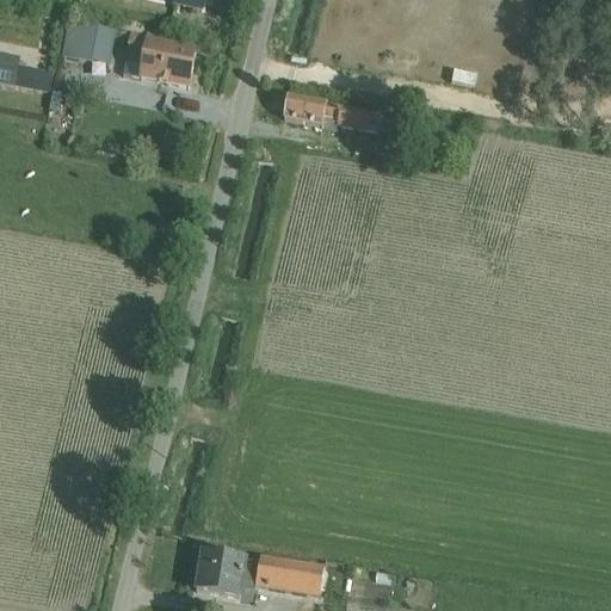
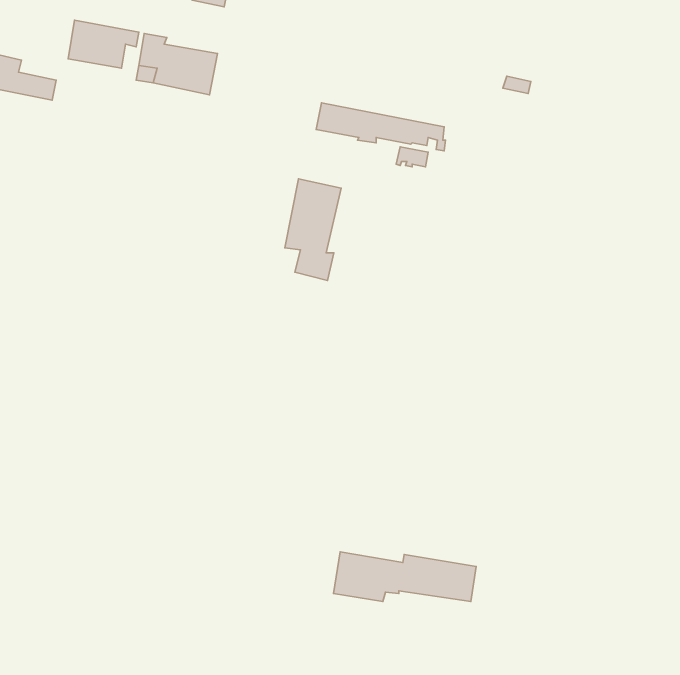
building: none -> [285,179,341,280]
building: [196,551,323,595] -> [333,552,476,601]

